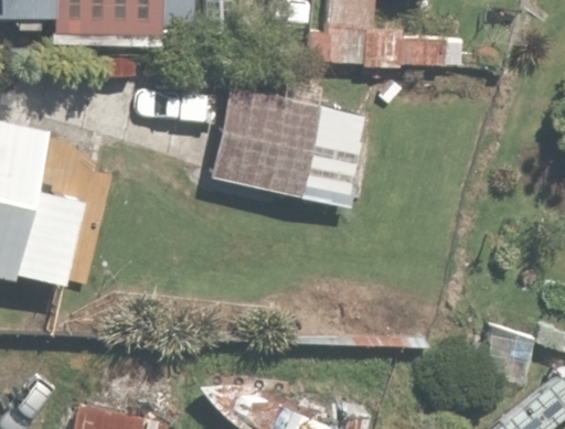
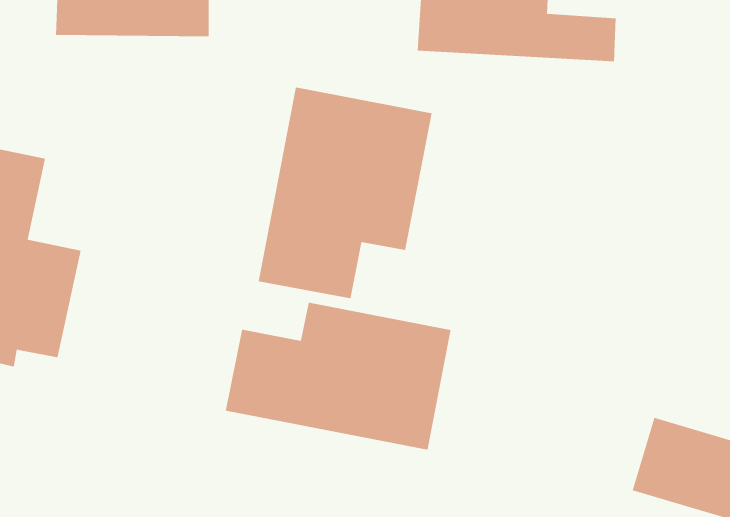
building: none -> [225,302,451,451]

